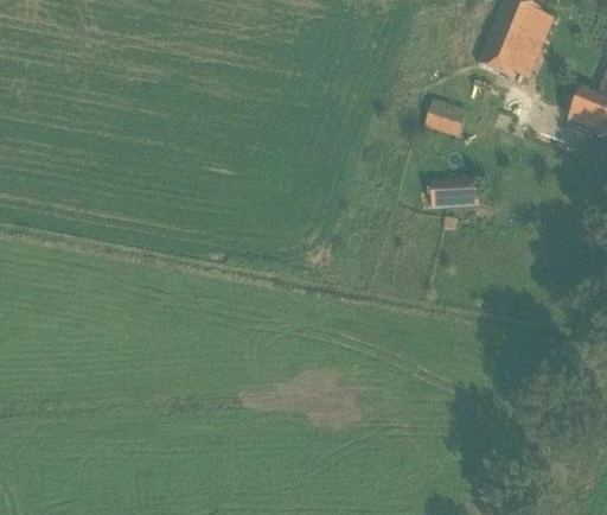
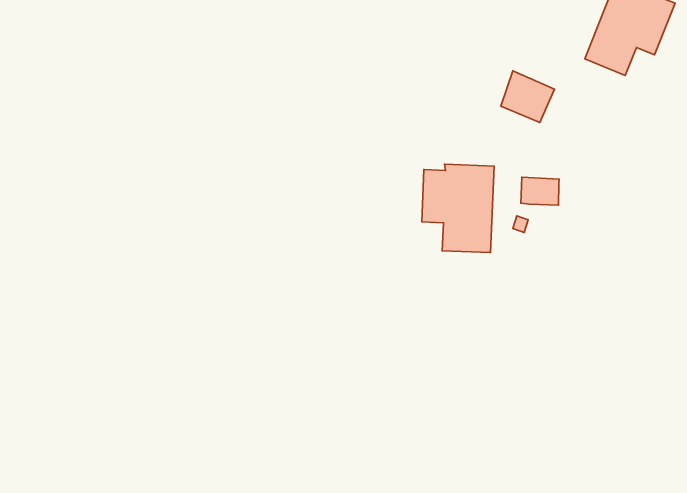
building: none -> [422,164,494,252]

